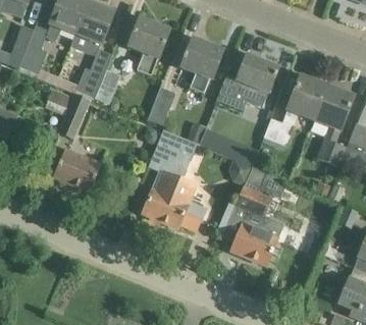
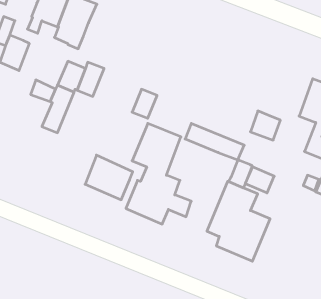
building: [127,17,169,75] -> none
building: [180,39,222,93] -> none
building: [217,55,277,107] -> none
building: [285,75,325,122] -> none
building: [53,148,100,192] -> [85,155,133,200]

